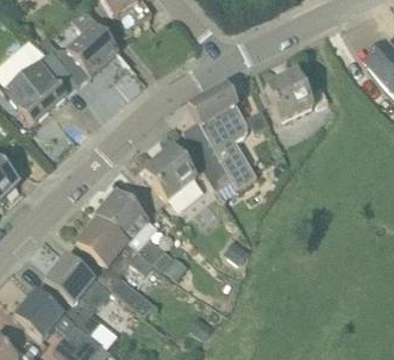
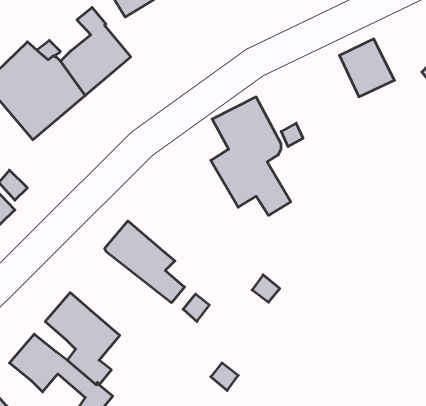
building: [265,72,313,122] -> [339,39,395,97]
building: [143,148,195,200] -> none
building: [76,218,155,316] -> none

